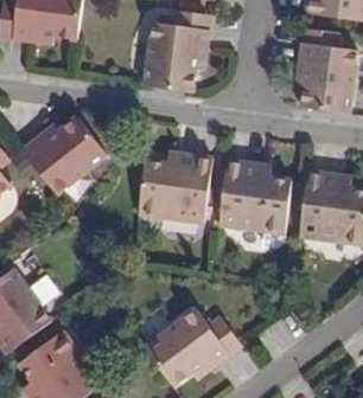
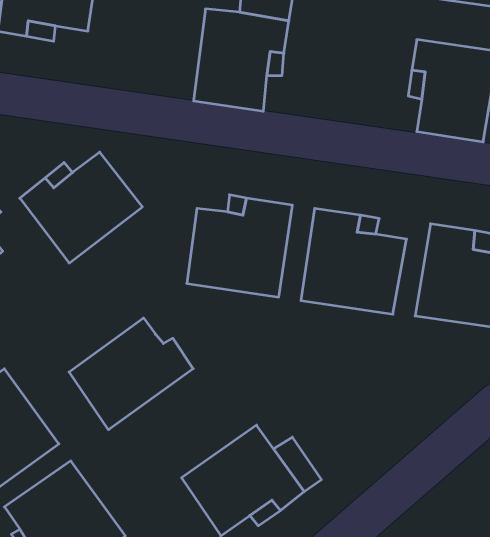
building: none -> [69,318,193,430]

